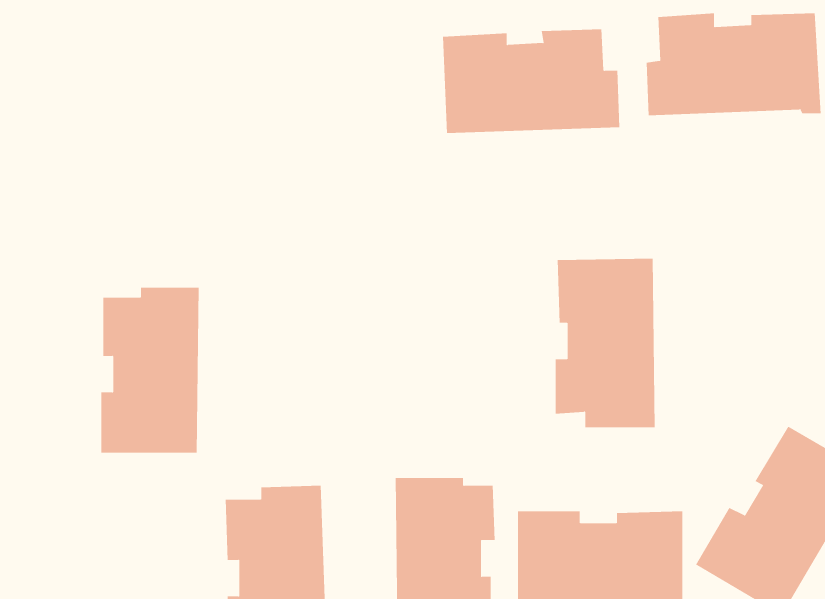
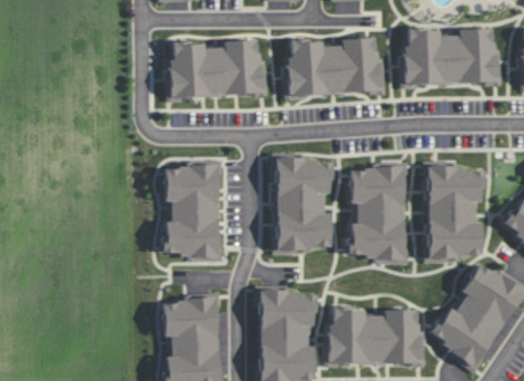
building: none -> [169,39,265,99]
building: none -> [276,156,333,254]
building: none -> [425,163,484,262]
building: [101,287,199,453] -> [165,163,220,256]

